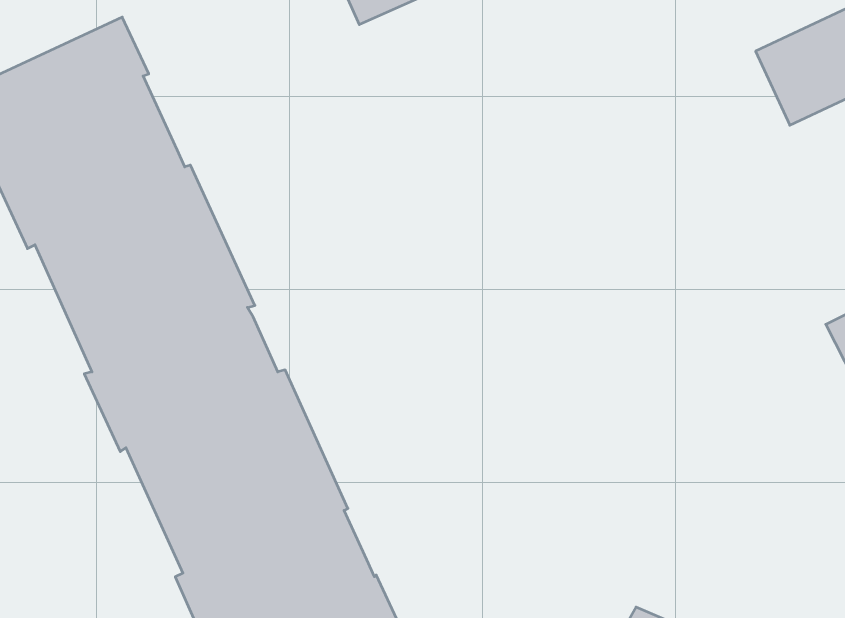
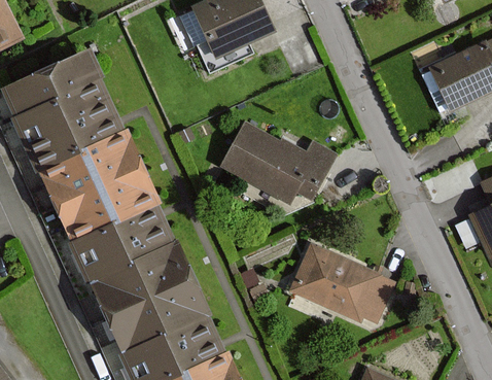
building: none -> [222,124,331,200]
building: none -> [291,246,389,320]

